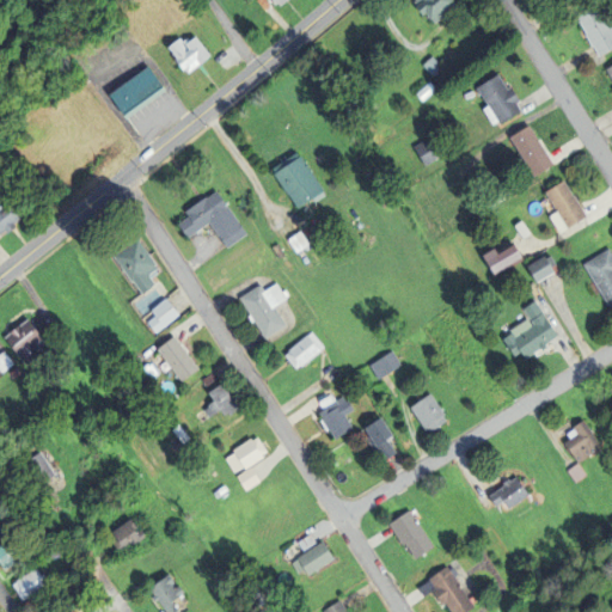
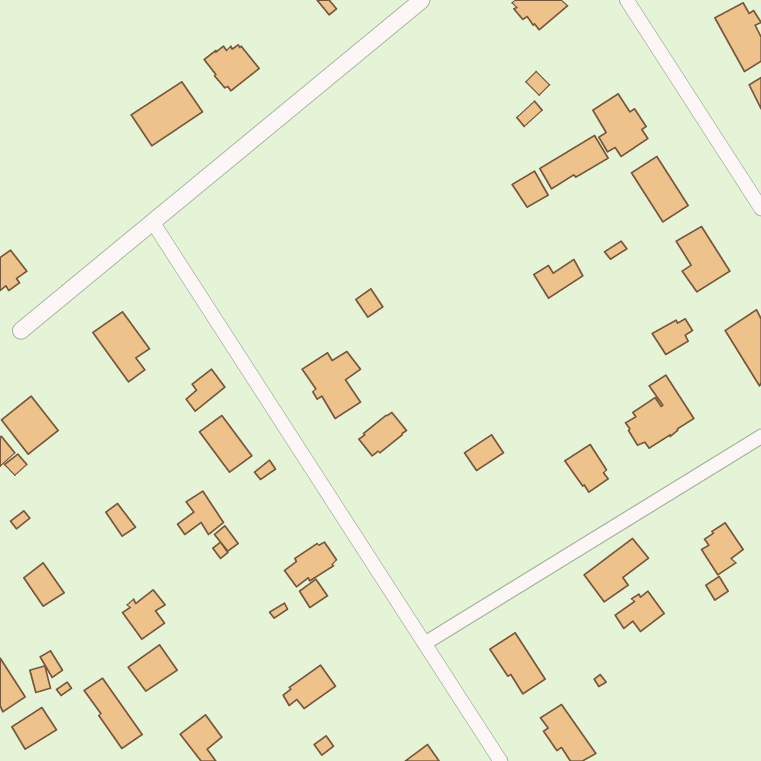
building: none -> [540,135,608,189]
building: [269,153,324,208] -> none
building: [179,190,246,249] -> none
building: [117,235,163,292] -> [93,312,149,382]
building: [479,246,519,277] -> [534,260,583,298]
building: [207,380,244,415] -> [177,491,224,534]
building: [415,392,449,430] -> [565,444,608,492]
building: [322,394,356,437] -> none
building: [369,415,399,460] -> none
building: none -> [584,539,649,602]
building: none -> [122,590,165,639]
building: [295,538,337,573] -> [283,665,335,708]
building: none -> [84,678,142,749]

